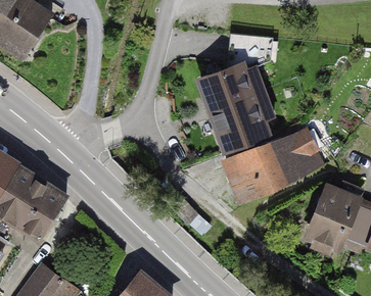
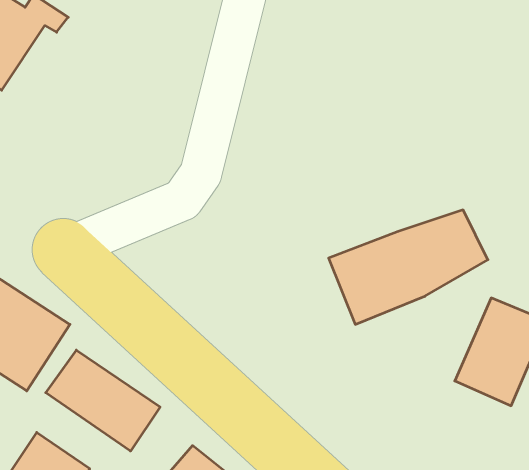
building: [200,35,273,153] -> none
building: none -> [46,350,160,451]

